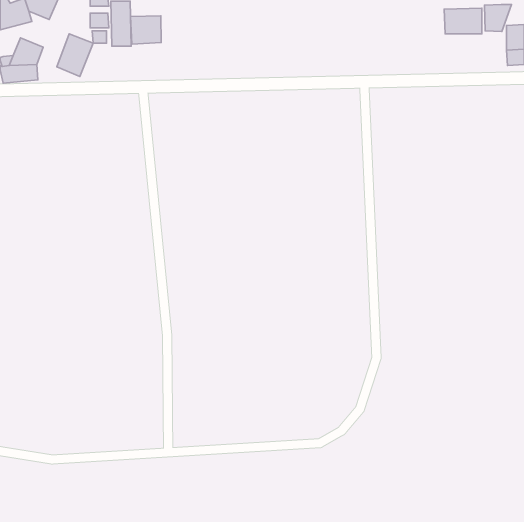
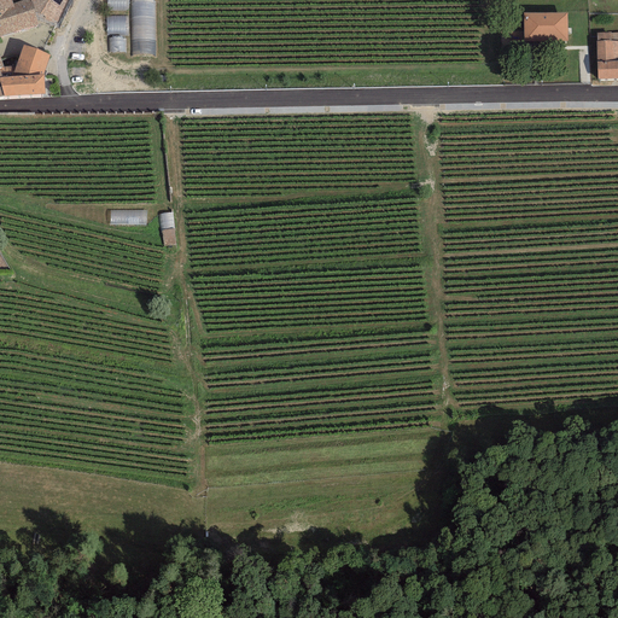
building: [484,4,512,31] -> none
building: [131,16,161,44] -> none
building: [57,34,93,76] -> none

